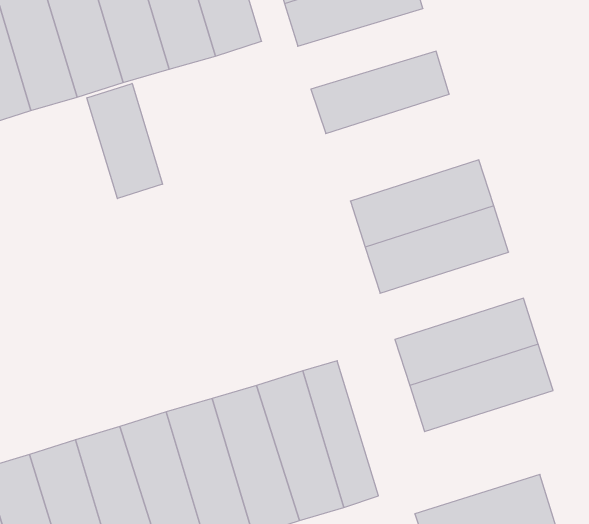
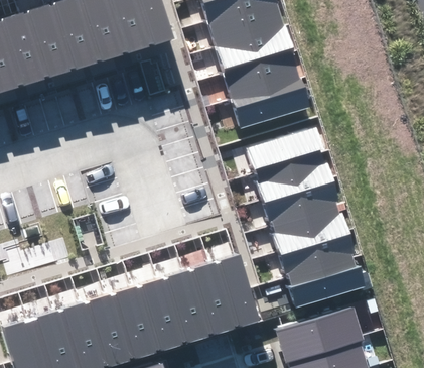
building: none -> [207,23,292,73]
building: [87,83,163,199] -> none
building: none -> [225,76,309,126]
building: none -> [258,172,345,226]
building: none -> [285,257,373,311]

